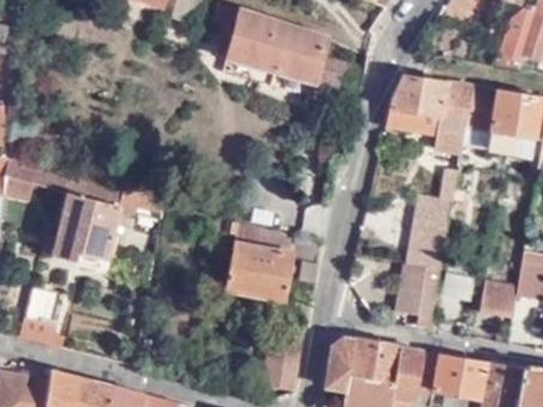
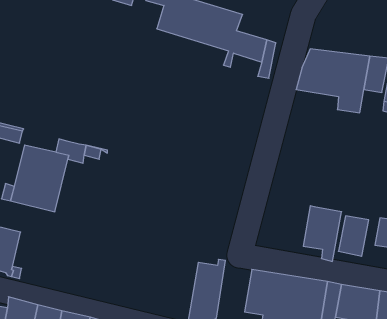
building: [408,164,466,269] -> none
building: [218,225,319,301] -> none

